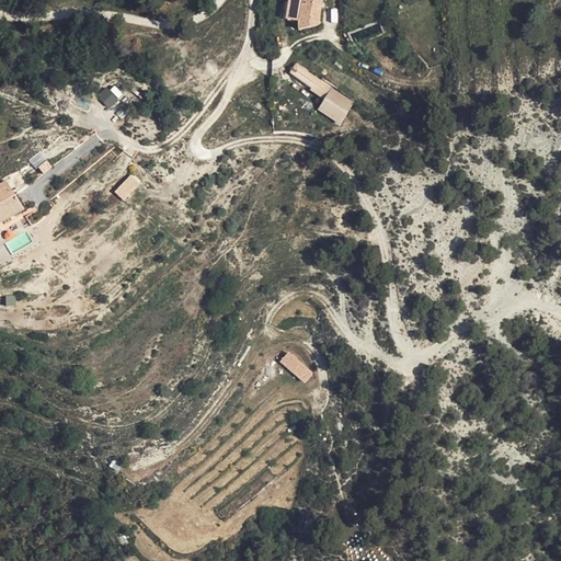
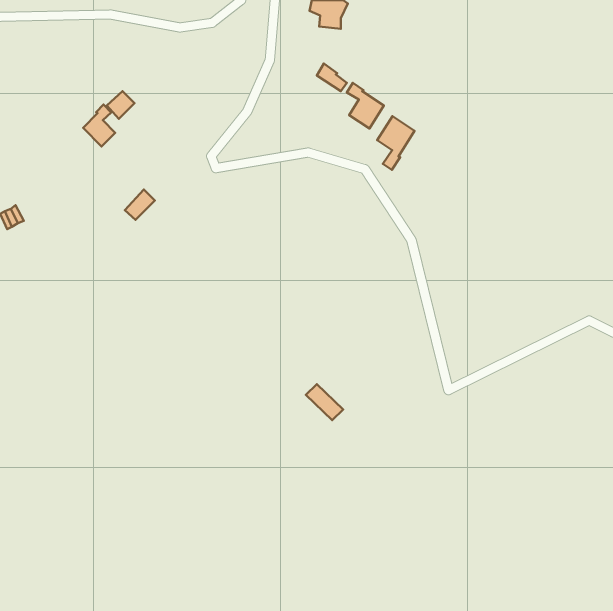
building: none -> [83,105,115,146]
building: none -> [377,116,415,170]

